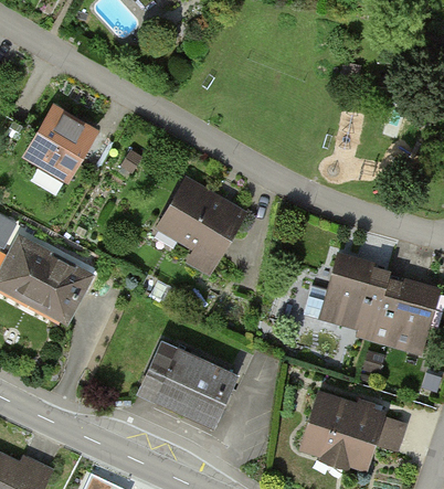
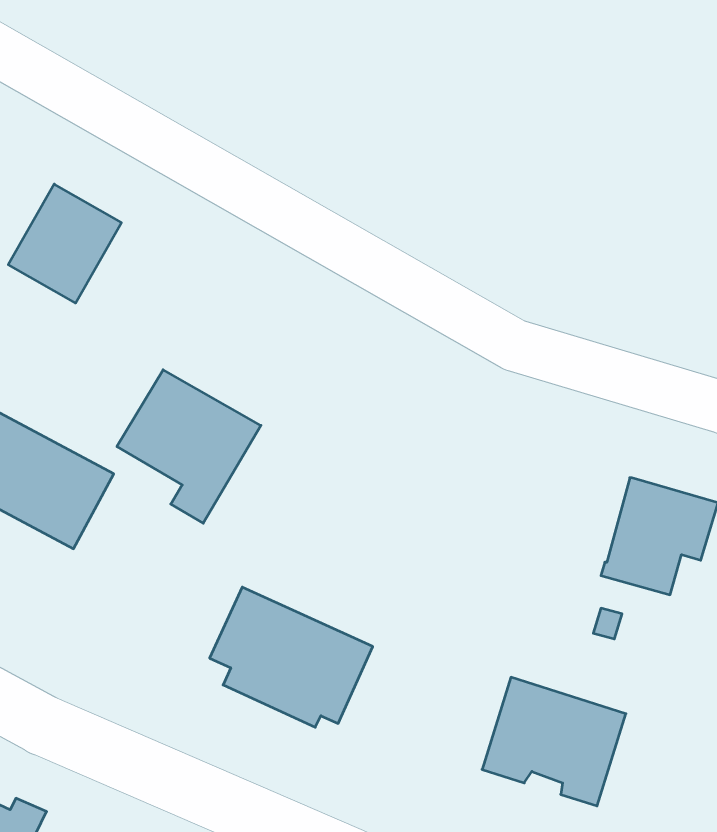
building: [160,182,243,270] -> [117,370,261,523]
building: [304,258,390,328] -> none

